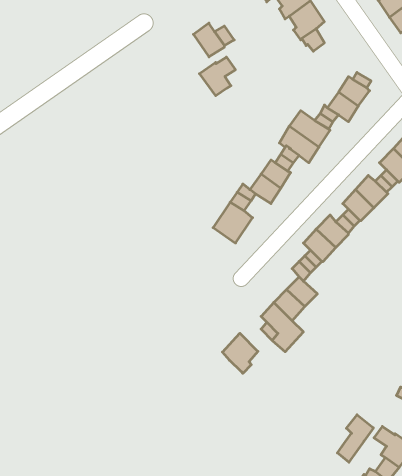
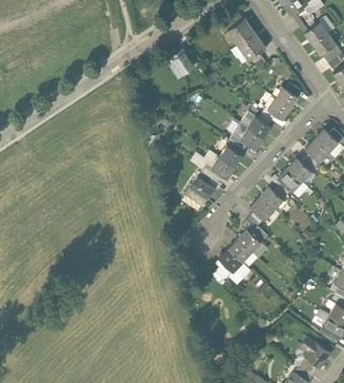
building: [199,57,235,96] -> none
building: [222,333,258,373] -> none
building: [337,415,373,462] -> none

